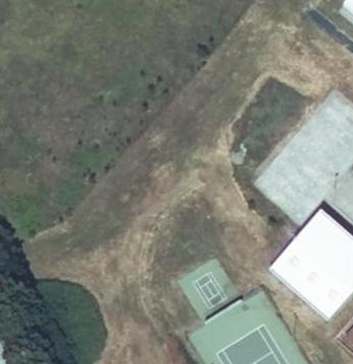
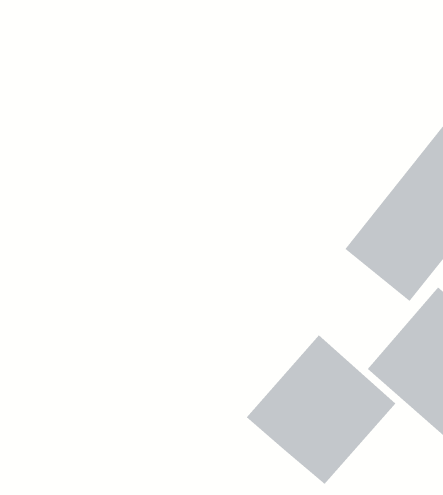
building: none -> [246,335,396,485]

